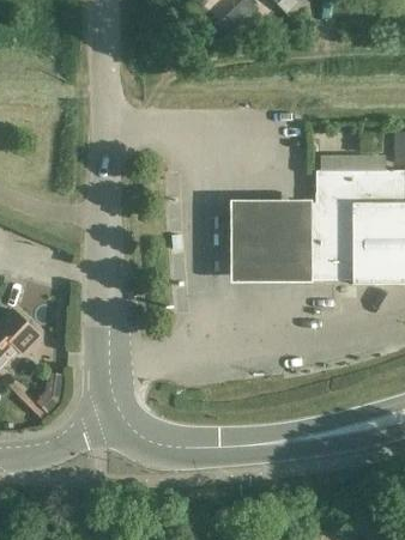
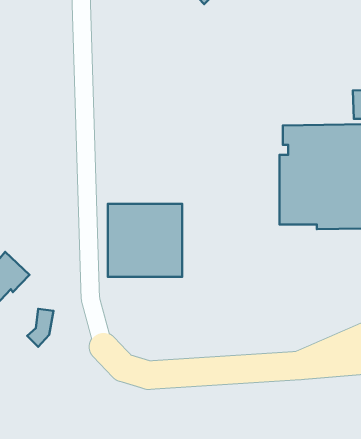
building: [229,205,310,285] -> [108,204,182,277]

